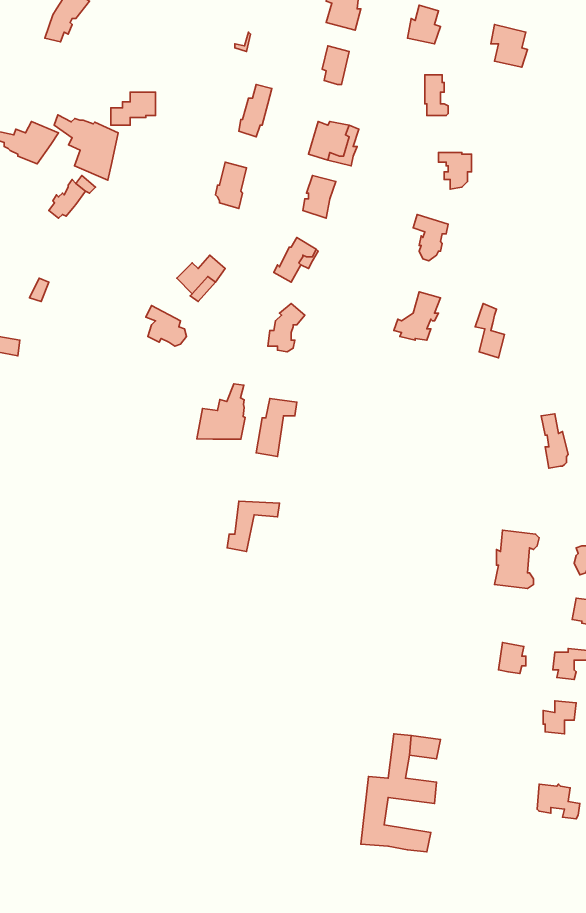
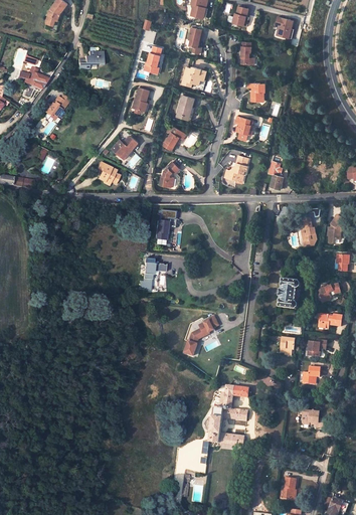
building: [54,115,118,180] -> none
building: [197,384,245,439] -> none
building: none -> [182,316,218,356]

